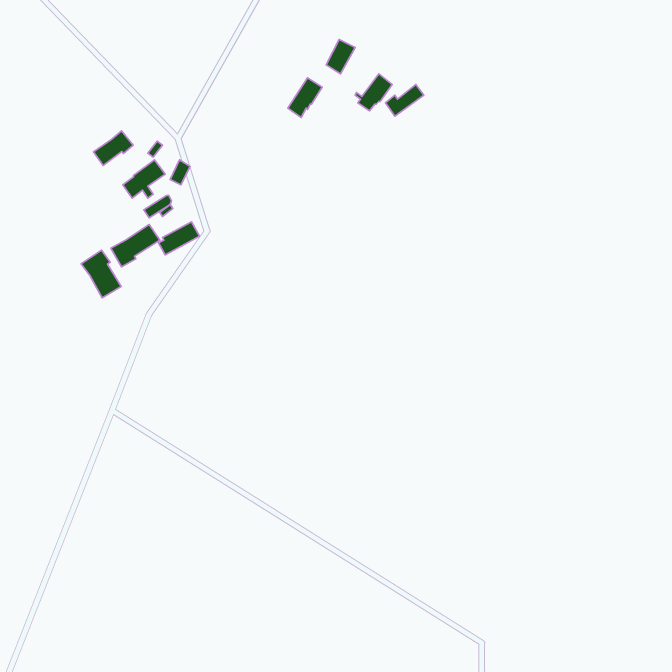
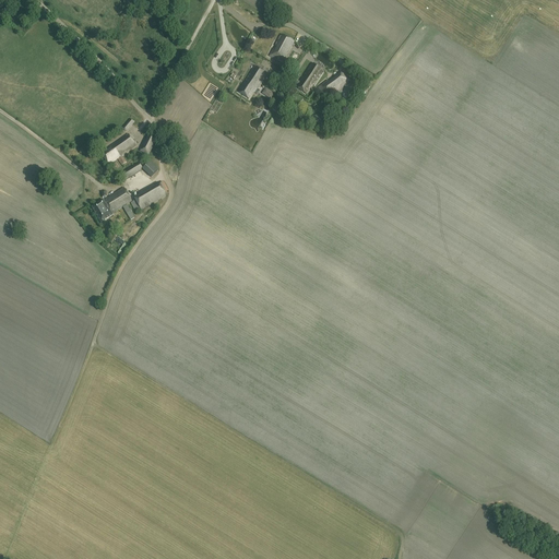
building: [93,131,133,165] -> none
building: [81,250,121,298] -> none

